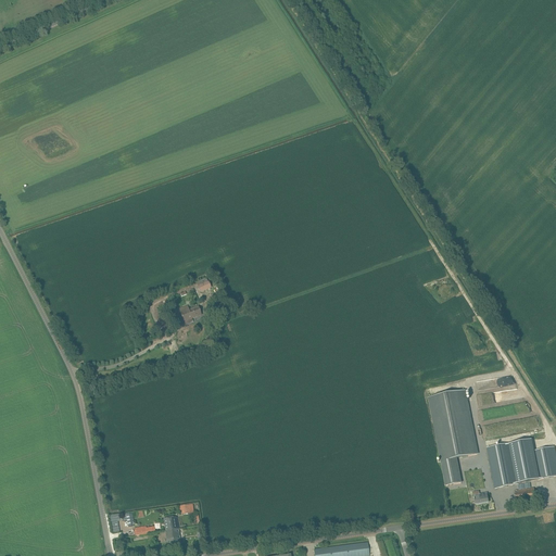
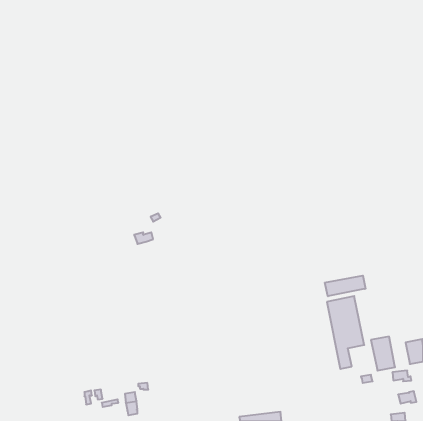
building: none -> [325,276,366,296]
building: [510,439,538,481] -> none

